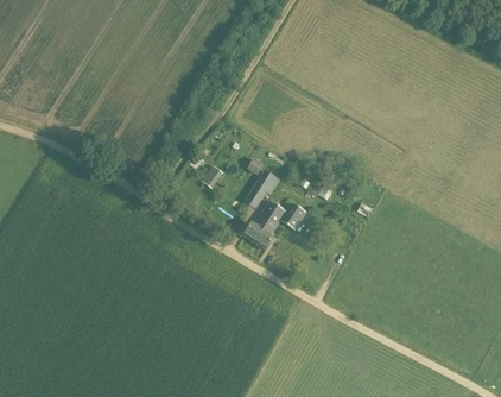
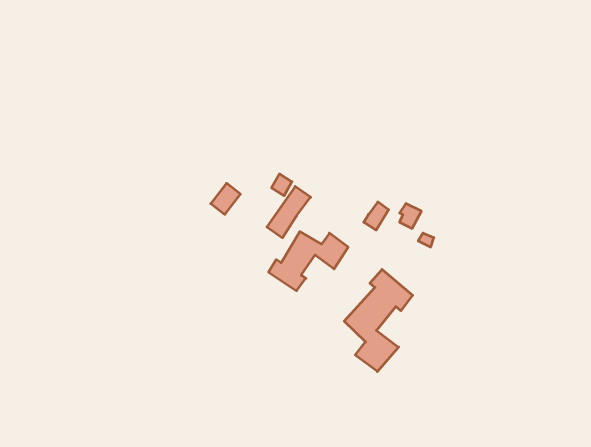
building: none -> [344,269,413,372]

